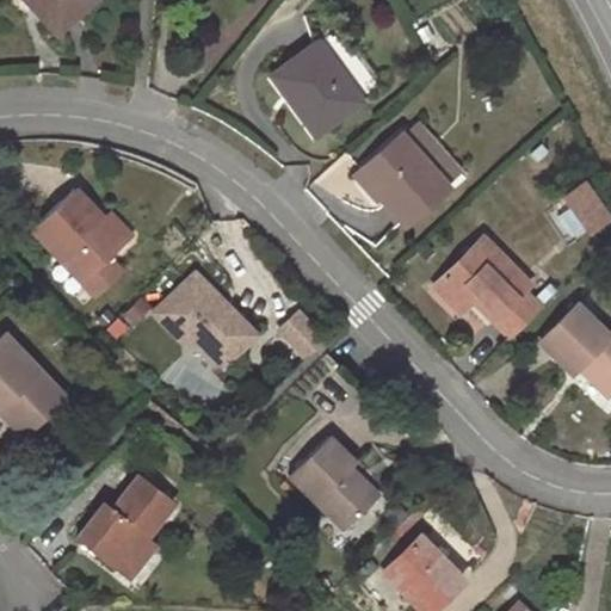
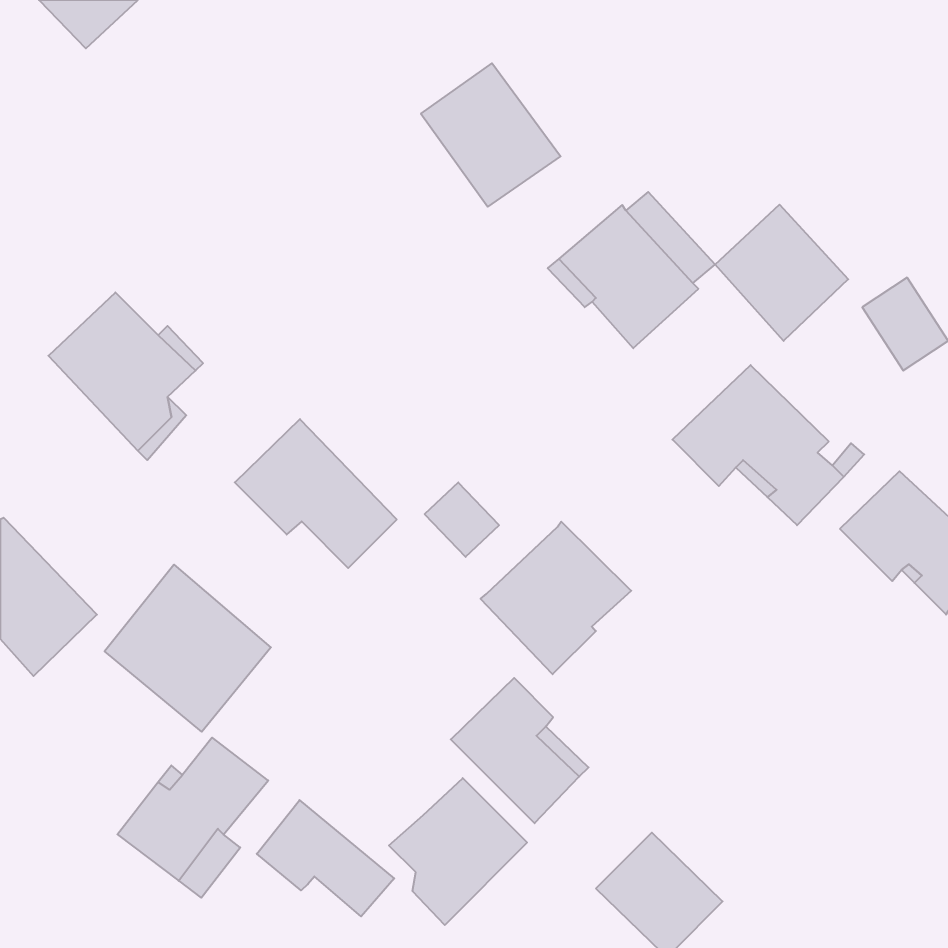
building: none -> [715,205,848,341]
building: none -> [481,522,631,674]
building: none -> [105,565,271,732]
building: none -> [389,778,527,925]
building: none -> [257,800,394,916]

